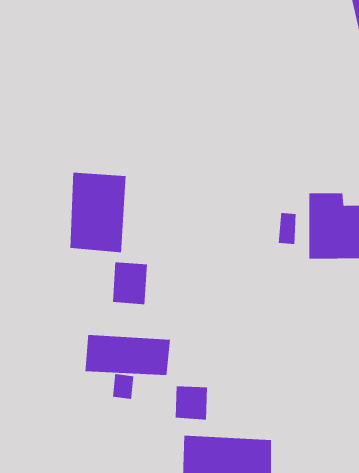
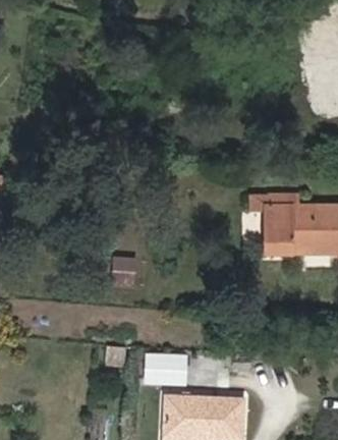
building: [70,172,126,253] -> none
building: [85,334,171,376] -> none

